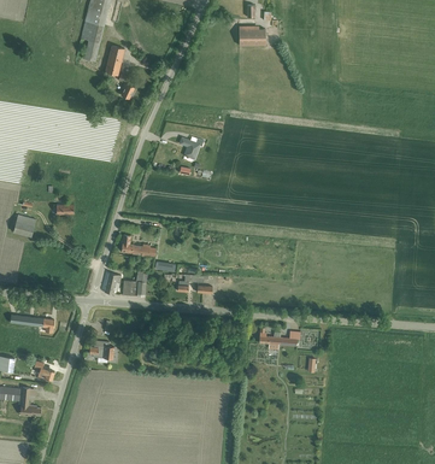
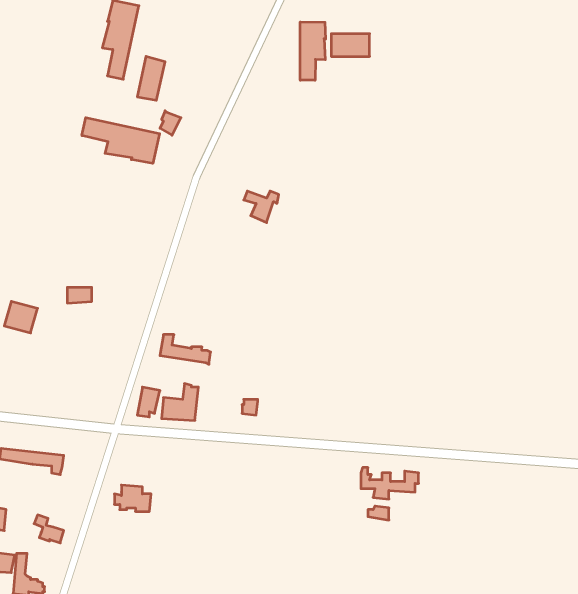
building: none -> [300,22,326,80]
building: none -> [82,118,160,163]

